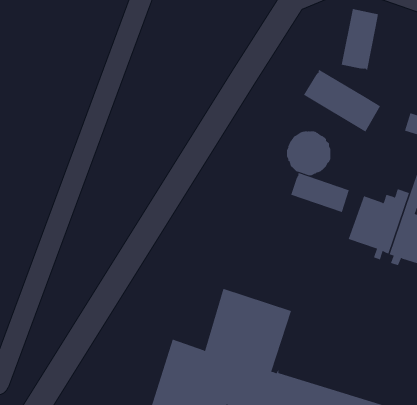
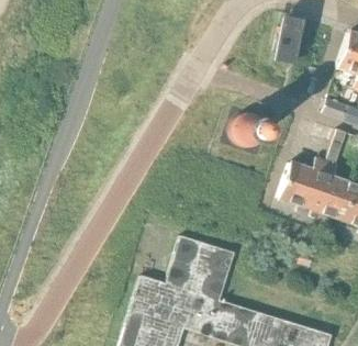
building: [303,69,381,132] -> none
building: [291,172,350,213] -> none

